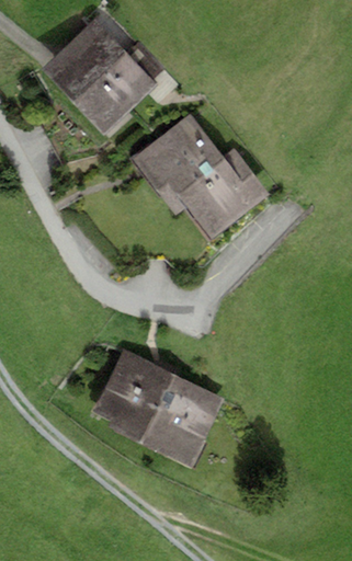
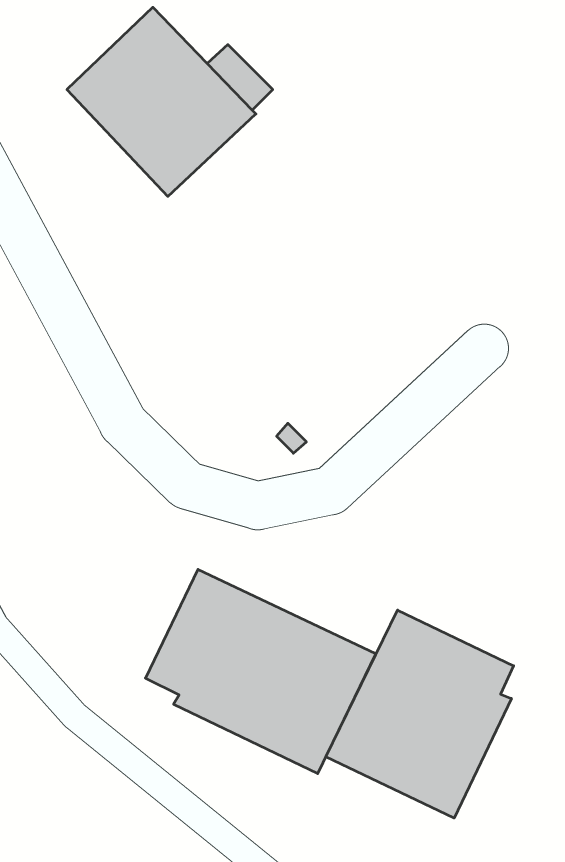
building: [132,113,270,239] -> none
building: none -> [326,610,514,818]

